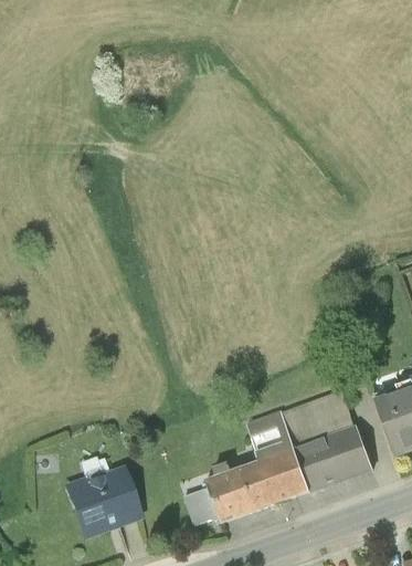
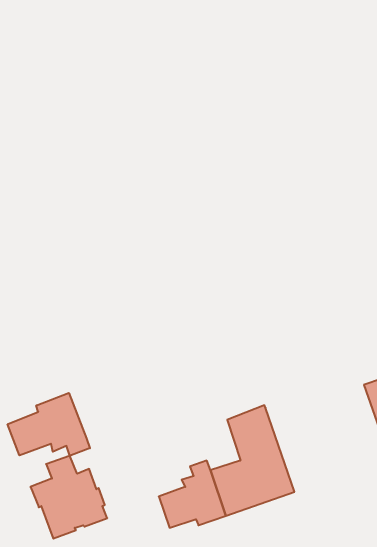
building: [282,391,372,491] -> none
building: none -> [8,393,90,456]

